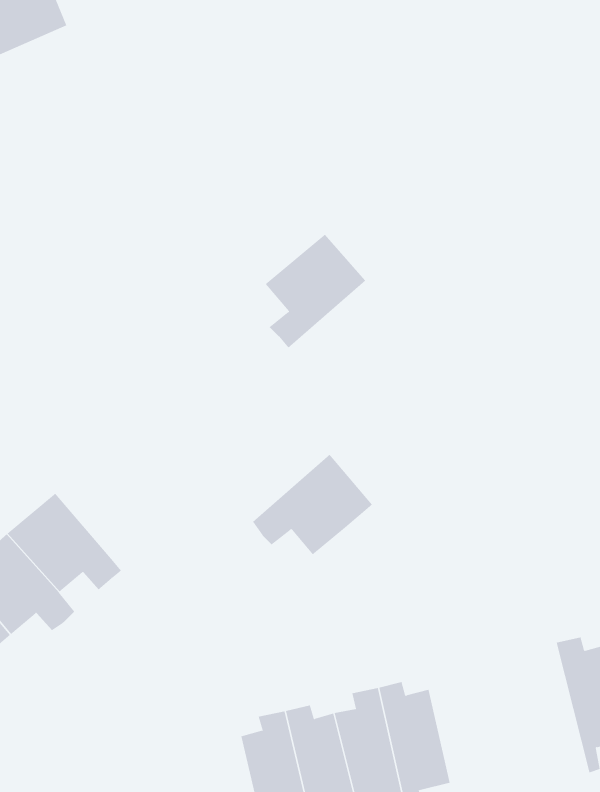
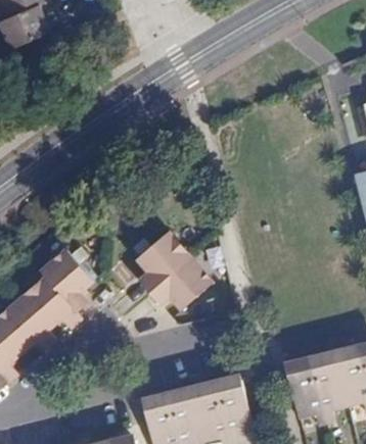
building: [265,234,366,349] -> [136,230,189,290]
building: none -> [40,247,92,310]
building: none -> [284,353,325,424]

